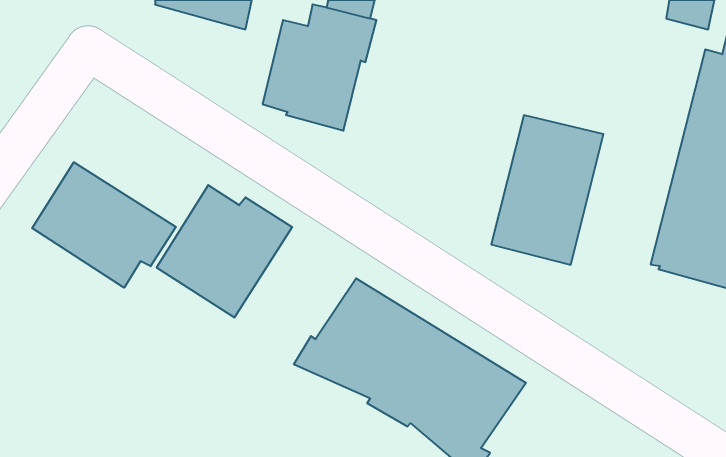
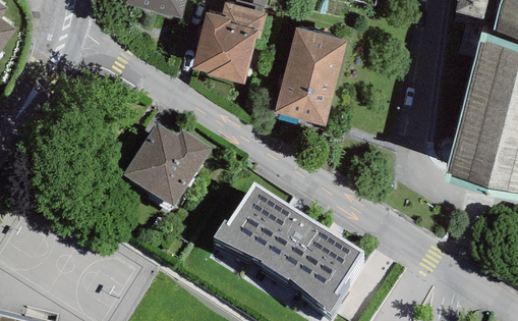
building: [491,115,603,265] -> [274,29,347,126]
building: [32,162,176,288] -> none

